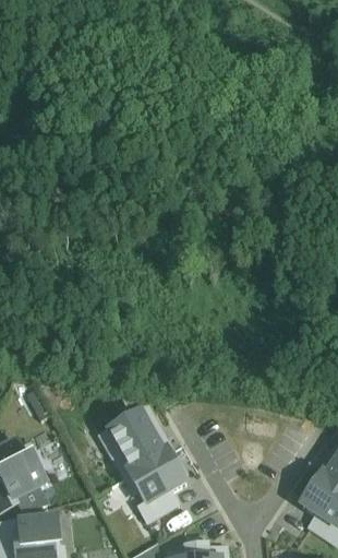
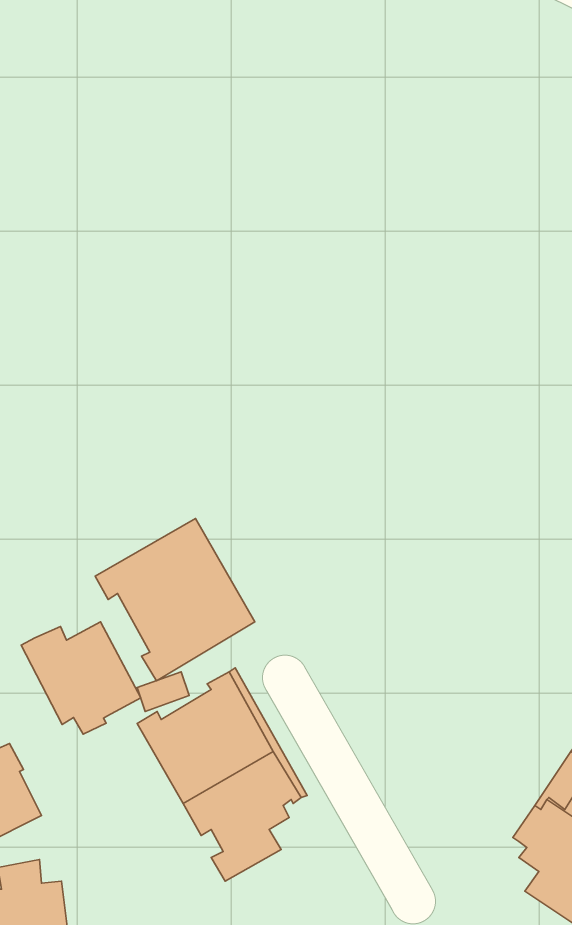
building: none -> [95,518,255,681]
building: none -> [21,622,141,734]

